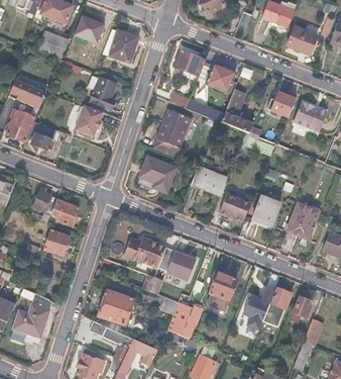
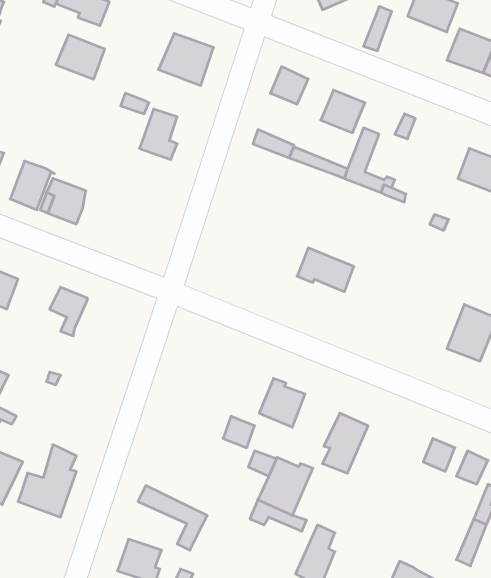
building: [75,14,104,42] -> none
building: [8,78,45,109] -> none
building: [266,93,295,117] -> none
building: [73,104,103,137] -> none
building: [153,109,191,159] -> none
building: [137,156,176,193] -> none
building: [220,194,250,220] -> none
building: [252,196,279,225] -> none
building: [48,199,78,225] -> none
building: [43,229,69,255] -> none
building: [123,236,166,266] -> none
building: [243,286,274,321] -> none
building: [97,289,134,323] -> none
building: [118,338,156,372] -> none

